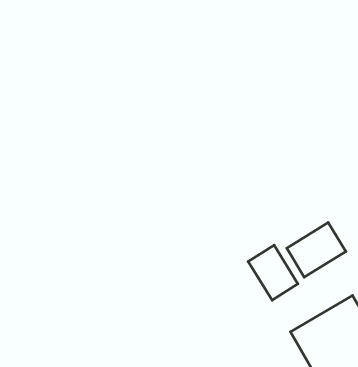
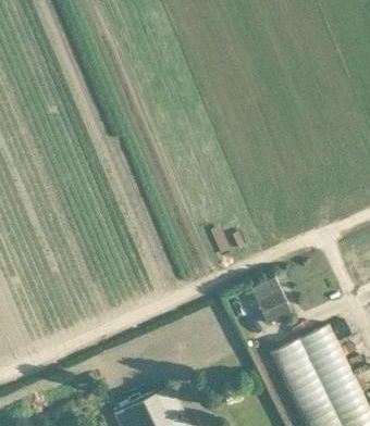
building: [287,223,346,277] -> none

